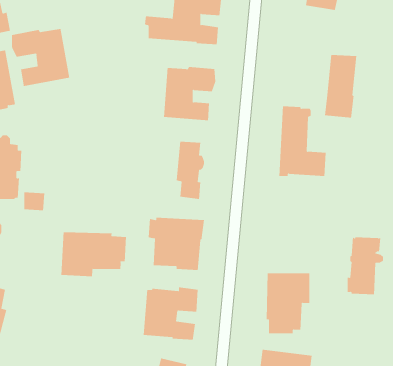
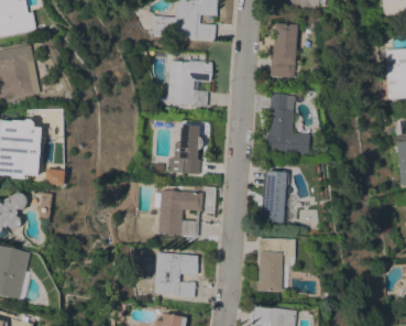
building: [12,28,70,87] -> none
building: [324,55,357,118] -> [270,23,298,78]
building: [61,232,126,277] -> none
building: [347,237,384,295] -> [260,172,292,222]

